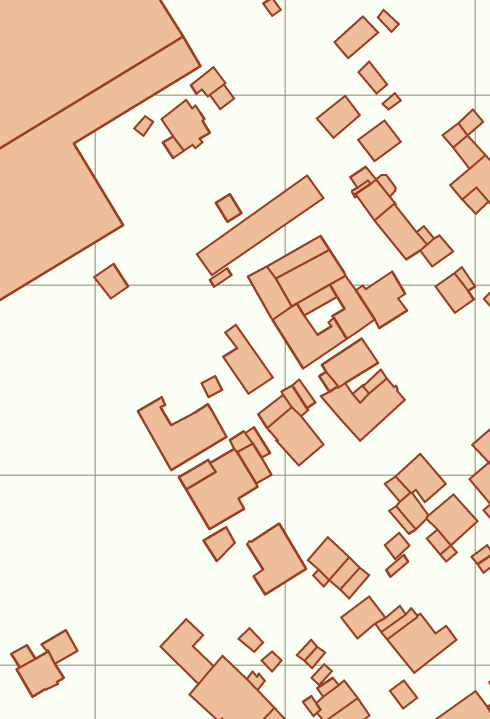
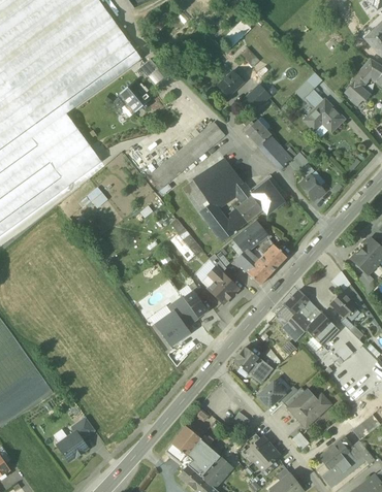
building: [138,397,226,470] -> none
building: [247,523,306,594] -> none
building: [160,619,214,684] -> none

